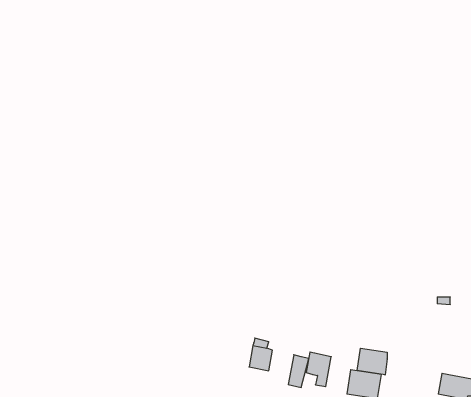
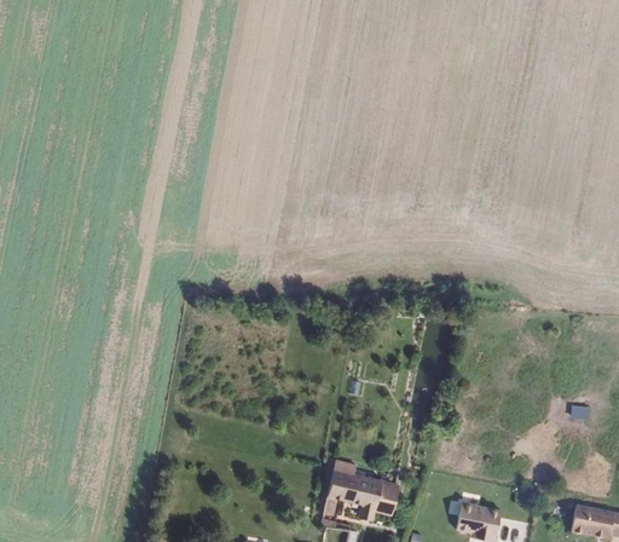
building: [357,348,387,375] -> none
building: [306,352,331,387] -> [353,473,386,518]

